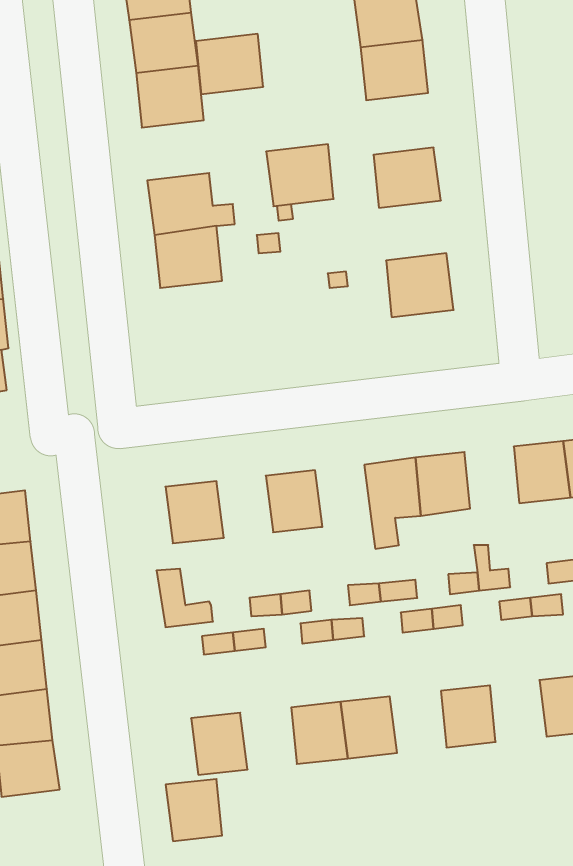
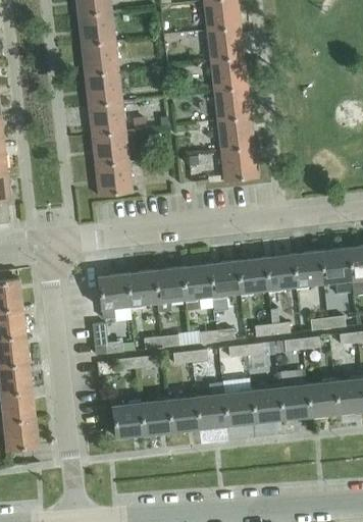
building: [196,34,263,94] -> [84,72,121,106]
building: [266,144,334,206] -> [209,57,247,92]
building: none -> [216,117,254,151]
building: none -> [94,162,133,197]
building: none -> [264,255,295,290]
building: none -> [180,265,212,308]
building: none -> [125,271,157,306]
building: none -> [221,379,254,426]
building: none -> [278,385,310,420]
building: [166,779,222,841] -> [139,401,170,435]

